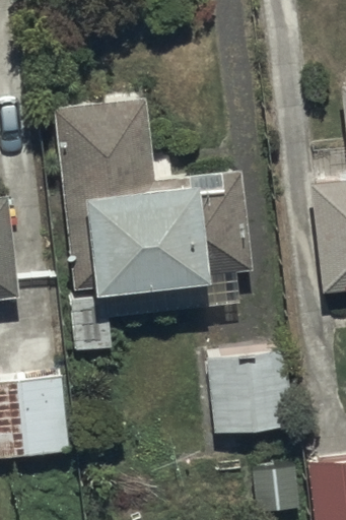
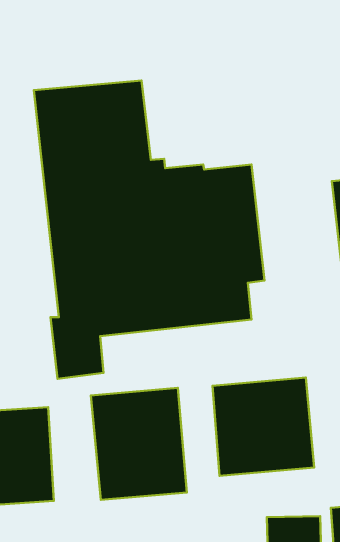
building: none -> [91,388,187,500]

